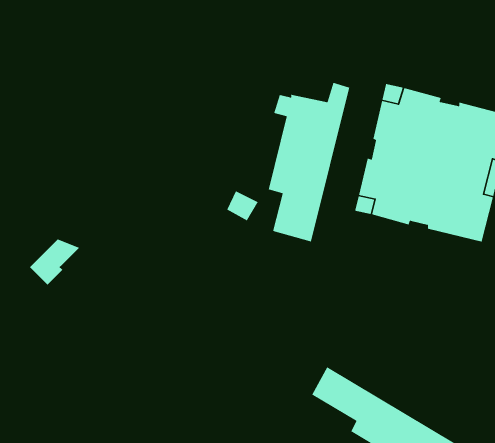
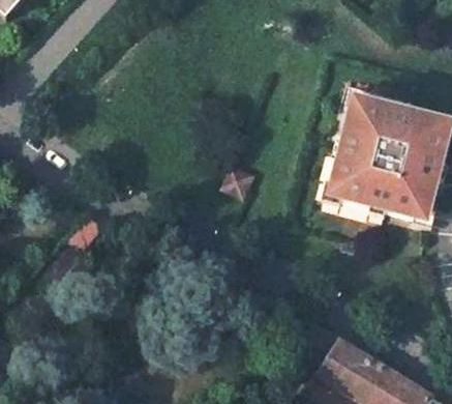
building: [268,82,350,242] -> none

